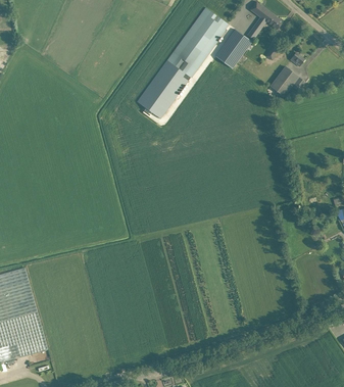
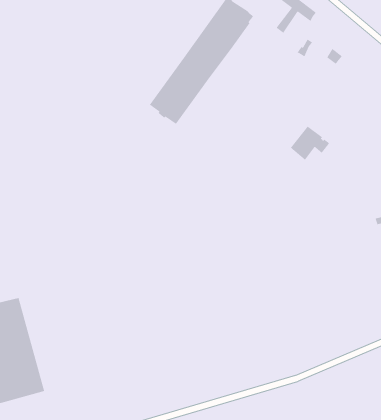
building: [214,29,251,69] -> none
building: [269,66,304,97] -> [290,126,330,161]

